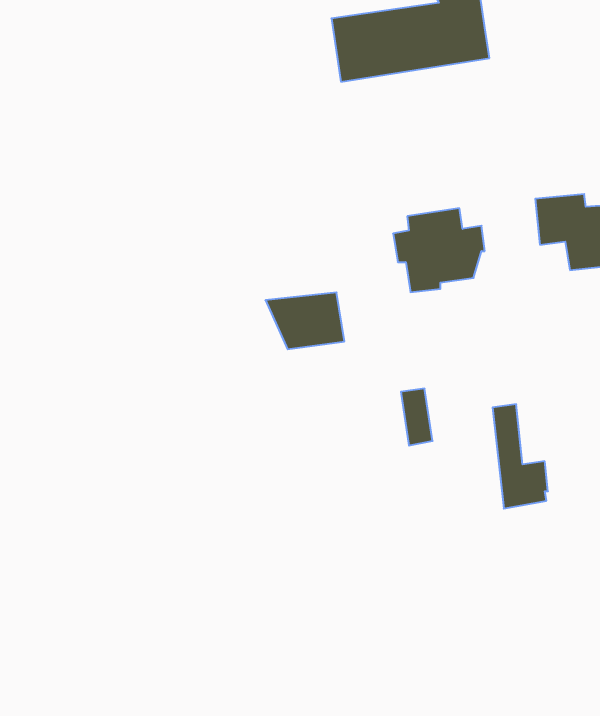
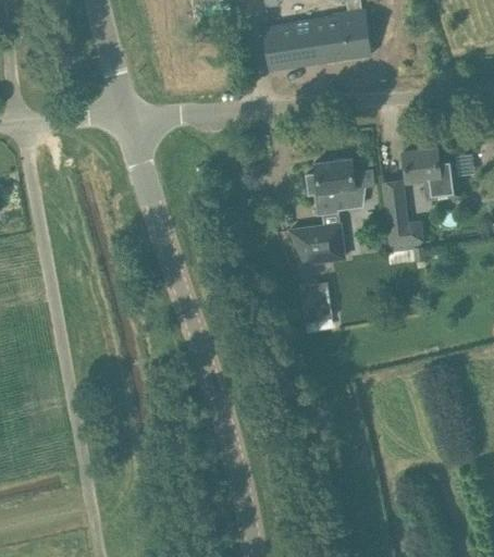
building: [265,292,344,349] -> [289,224,344,263]
building: [493,404,548,509] -> [384,182,422,253]

